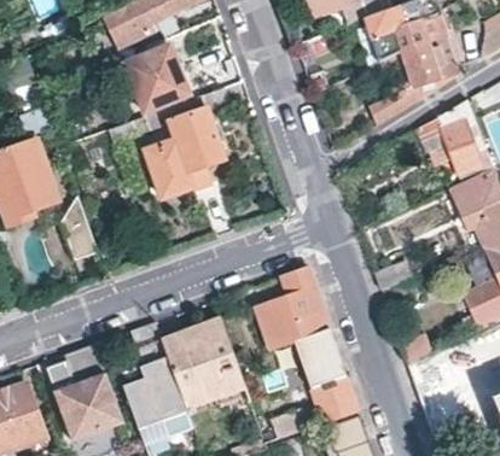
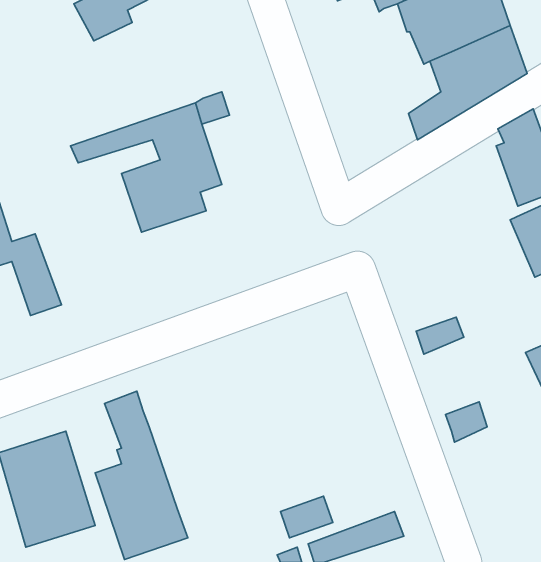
building: [123,47,188,113] -> none
building: [257,268,357,422] -> none
building: [162,317,246,413] -> none

